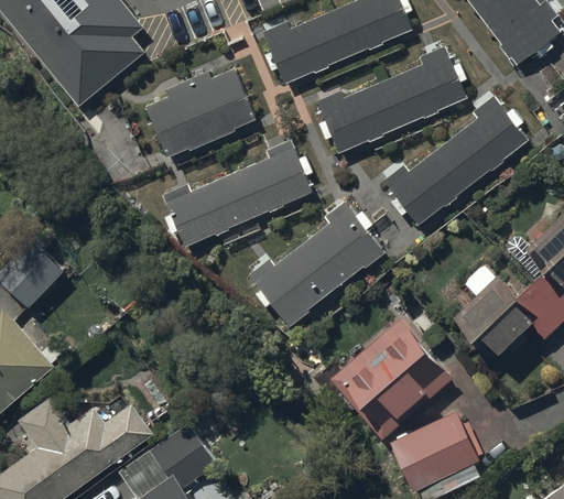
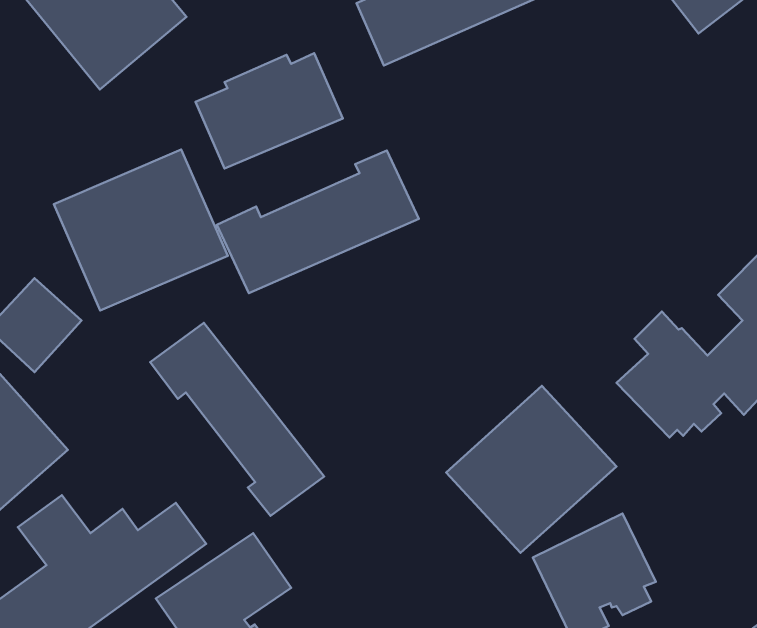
building: [315,52,468,155] -> none
building: [386,101,530,228] -> none
building: none -> [54,150,228,310]
building: [249,202,387,327] -> none
building: none -> [150,323,324,516]

